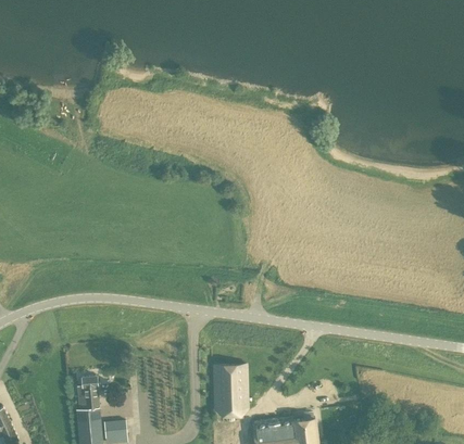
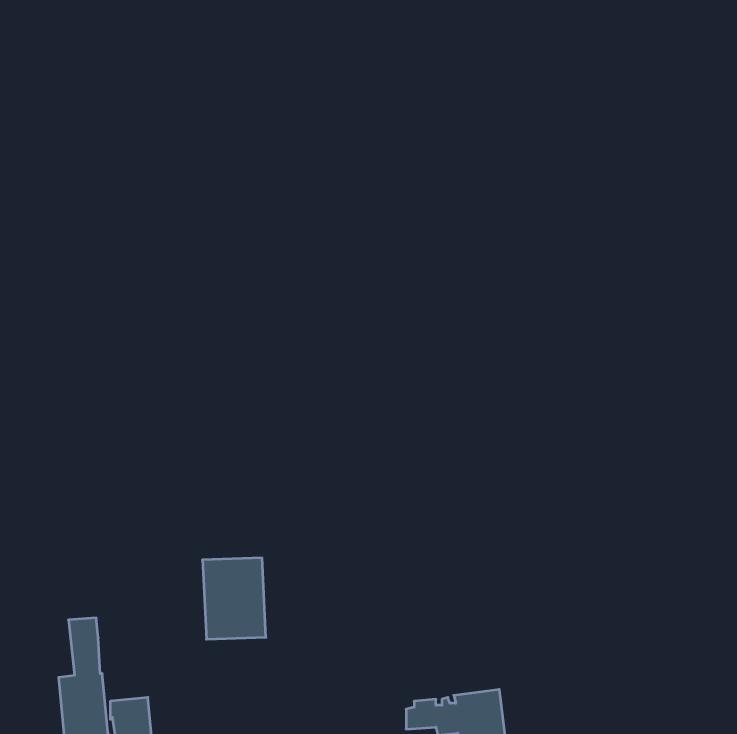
building: [212,366,247,410] -> [202,558,266,639]

